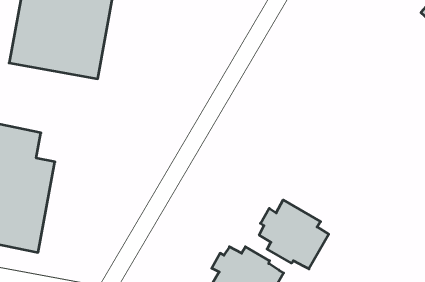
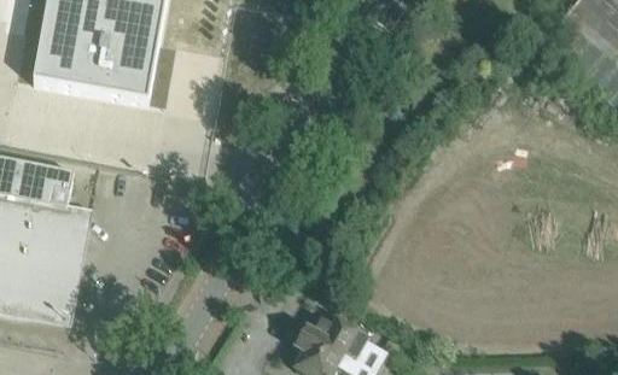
building: [259,200,329,269] -> none

